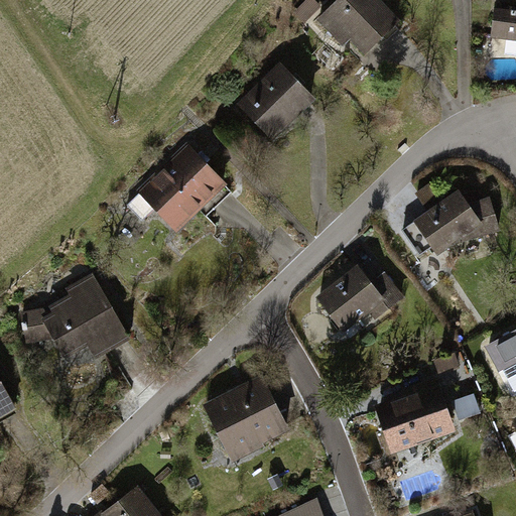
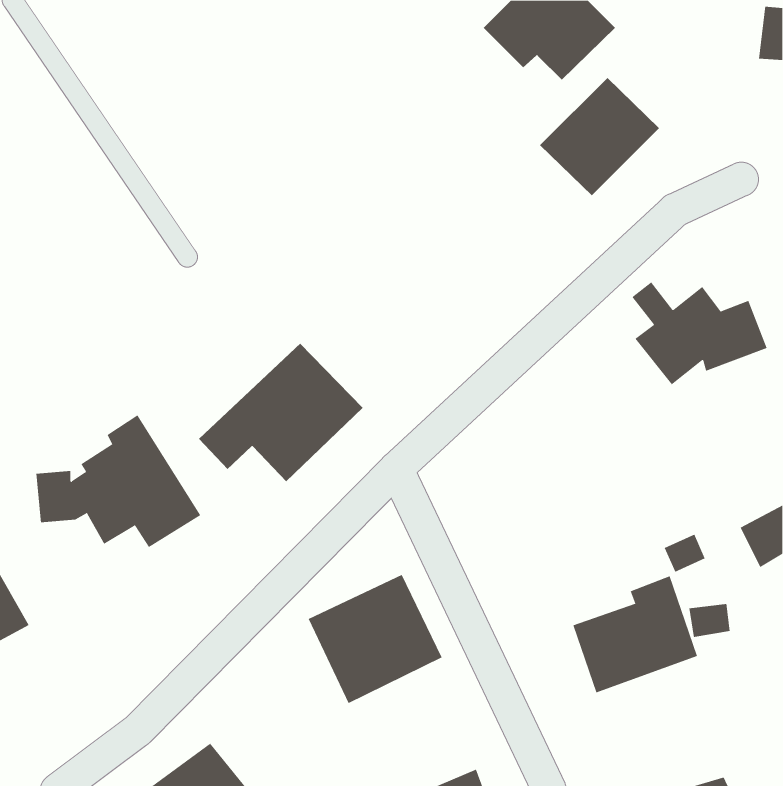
building: [237,63,315,141] -> [539,77,660,196]
building: [120,141,228,232] -> [198,343,364,482]
building: [315,265,405,334] -> none

